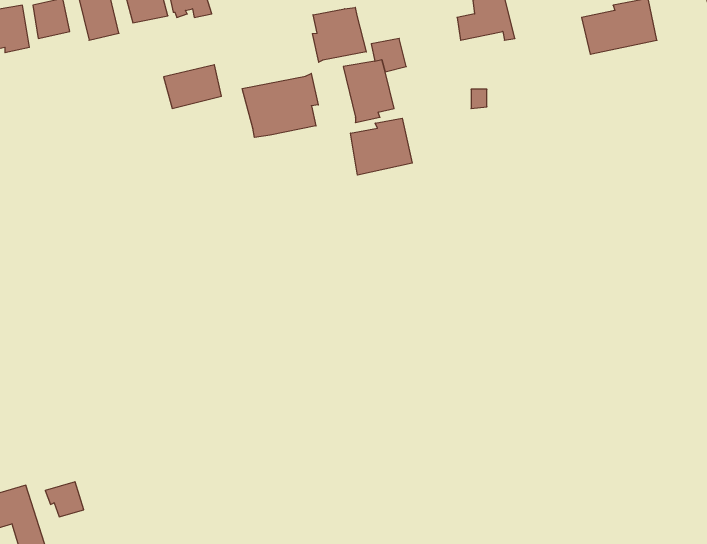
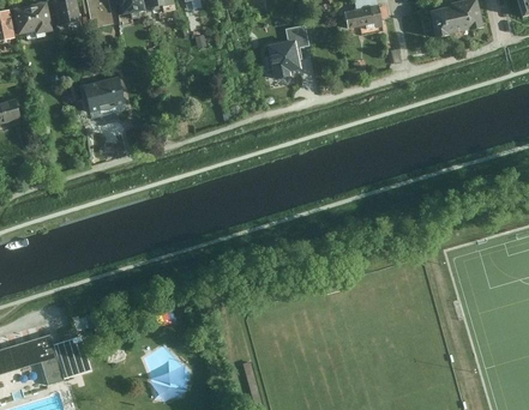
building: [312,7,366,62] -> none
building: [164,65,221,108] -> [83,82,122,111]
building: [242,73,318,137] -> none
building: [351,118,412,175] -> none

